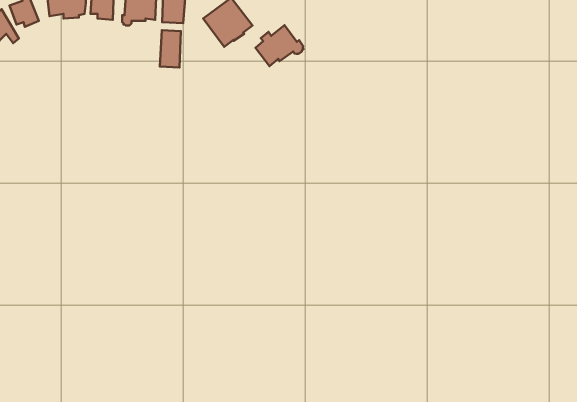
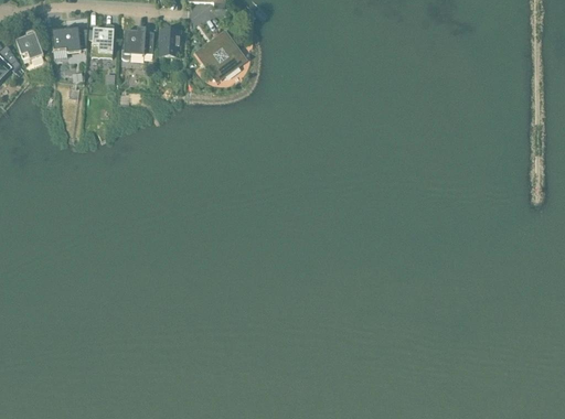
building: [256,25,303,66] -> none
building: [160,30,181,67] -> none

